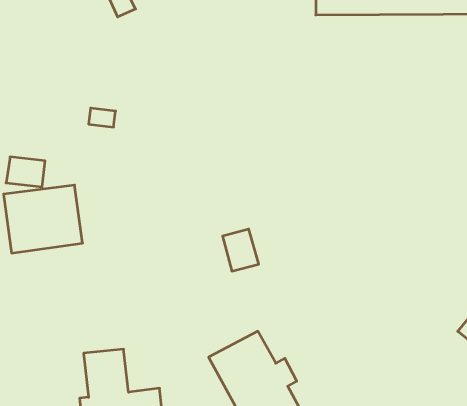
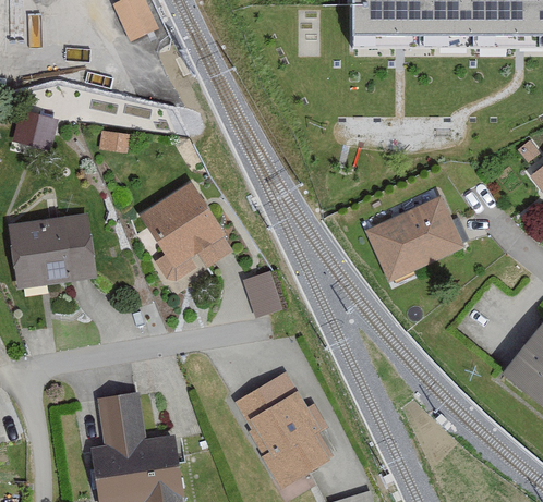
building: none -> [138,183,234,280]
building: [6,157,45,187] -> [21,107,63,139]
building: none -> [366,196,467,283]

